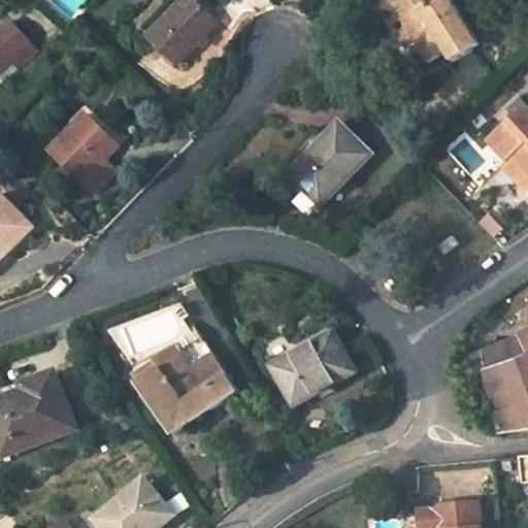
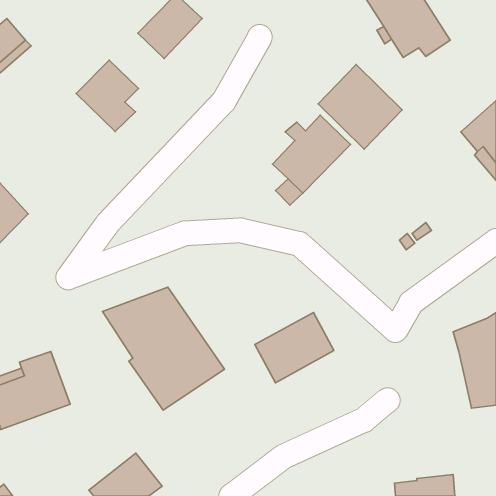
building: none -> [318,65,402,149]
building: [50,114,116,190] -> [76,60,138,131]

